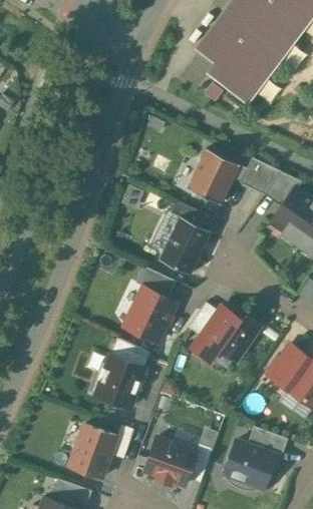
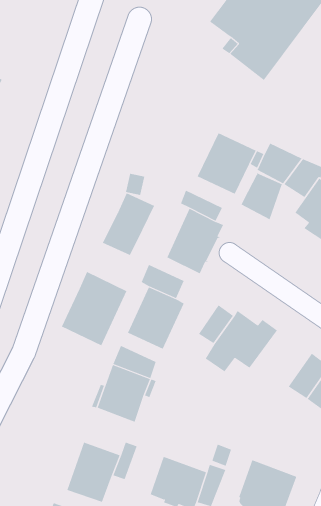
building: none -> [241,172,282,220]
building: none -> [102,193,155,256]
building: none -> [61,271,127,346]
building: [246,426,286,458] -> none

